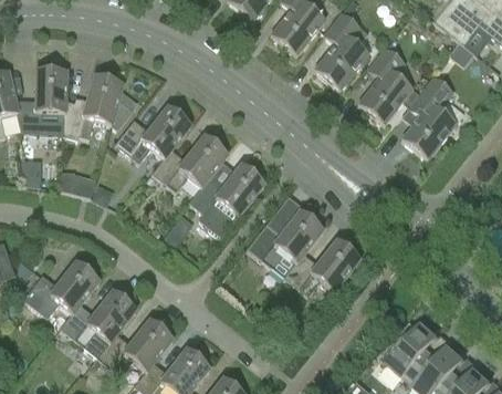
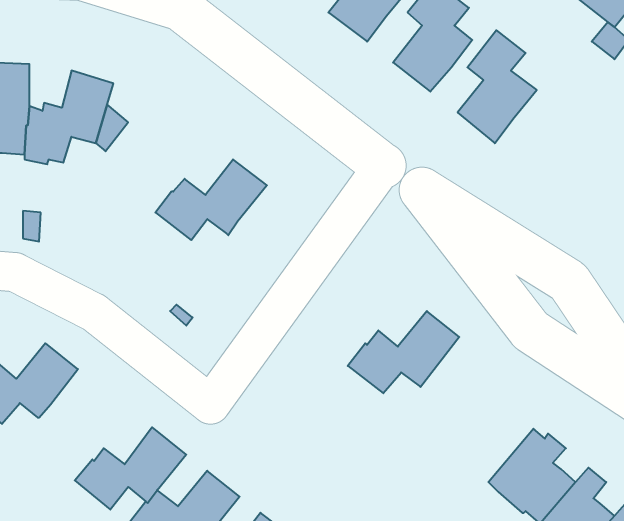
building: [401,75,456,158] -> none
building: [115,105,191,162] -> none
building: [188,164,264,237] -> none
building: [247,210,323,267] -> none
building: [60,290,136,355] -> none

